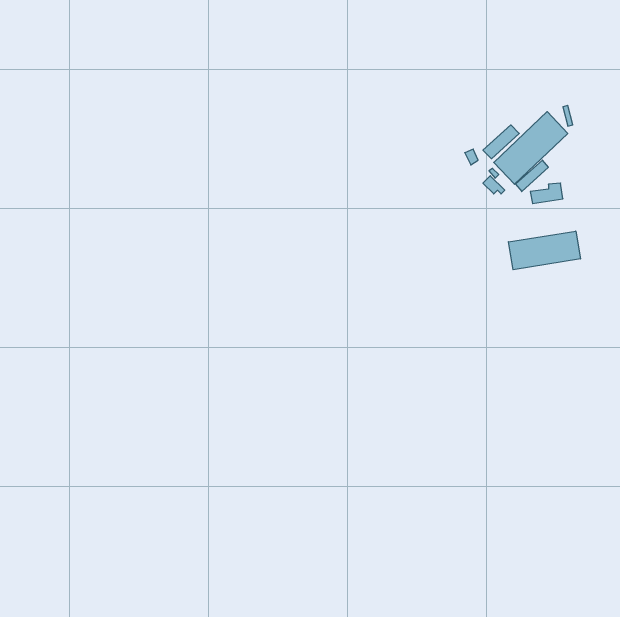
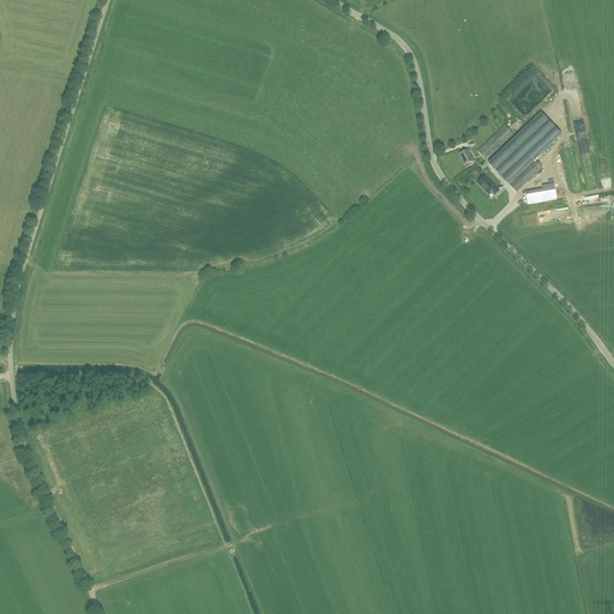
building: [508,231,580,270] -> none

